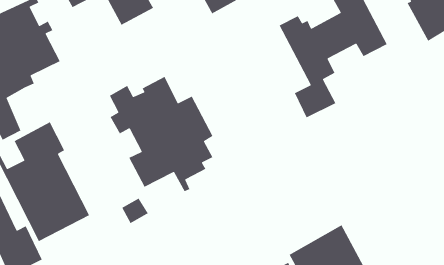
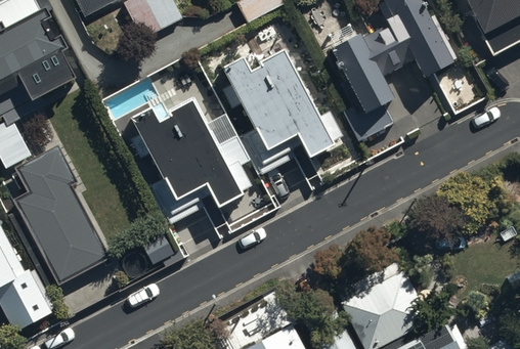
building: none -> [218,46,332,177]

